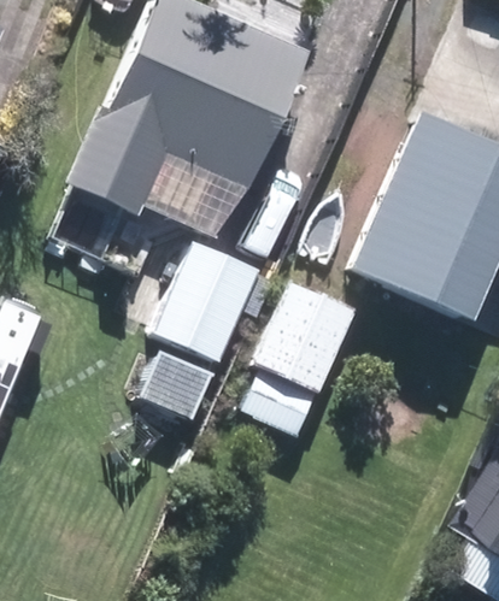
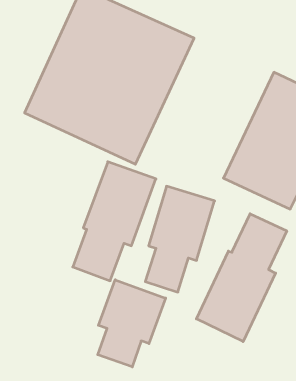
building: none -> [196,214,287,342]
building: none -> [98,280,166,367]

